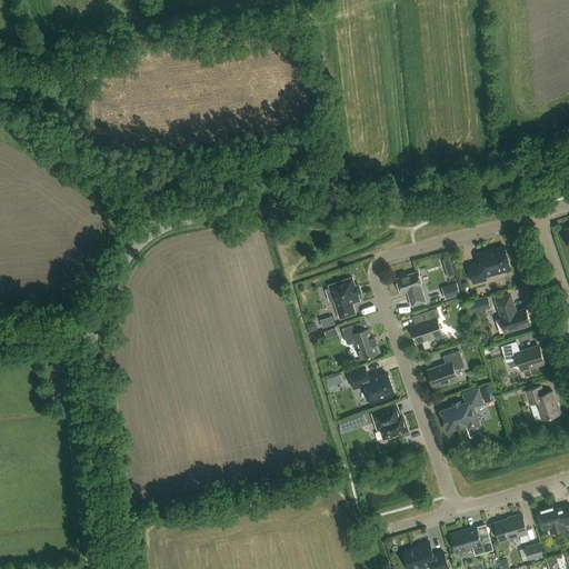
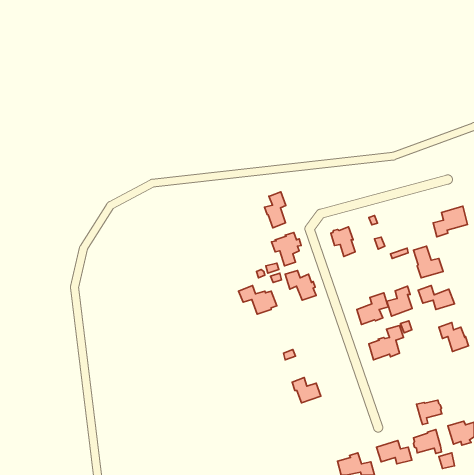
building: none -> [265,192,286,228]
building: [468,247,509,283] -> [433,206,467,237]
building: [411,308,441,343] -> [387,286,412,316]
building: [348,368,393,402] -> [239,285,277,314]
building: [372,409,407,439] -> [292,378,321,403]
building: none -> [416,400,442,424]

